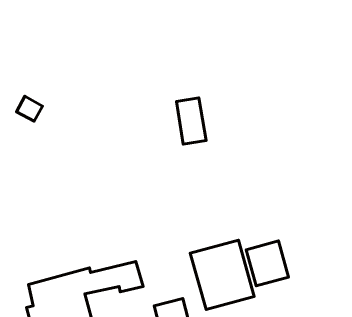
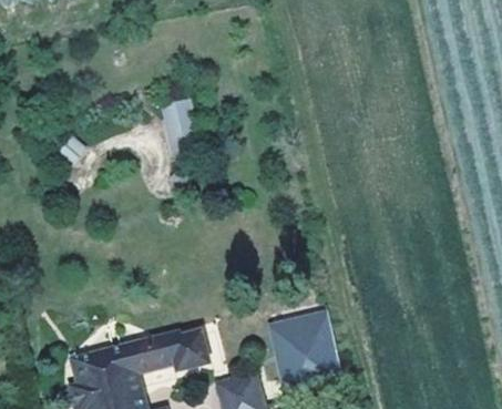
building: [177,98,206,144] -> [161,99,196,154]
building: [246,241,288,286] -> none

